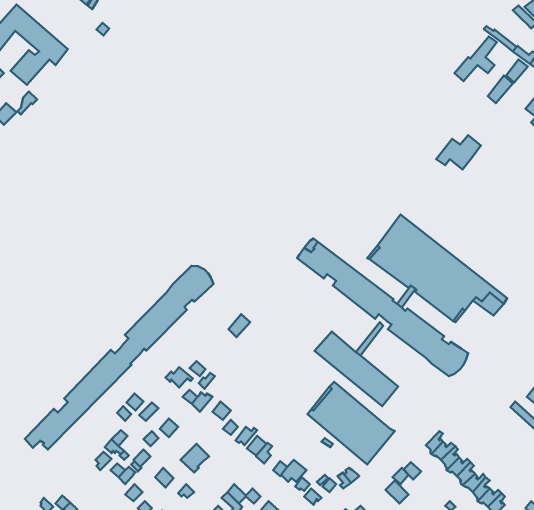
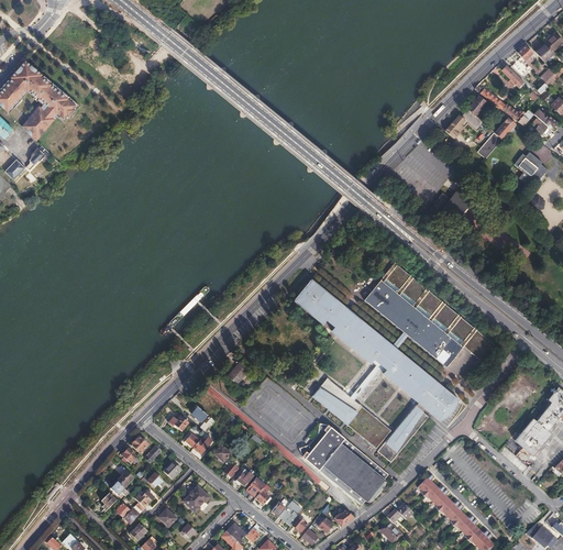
building: [25,266,213,450] -> none
building: none -> [377,405,428,461]

